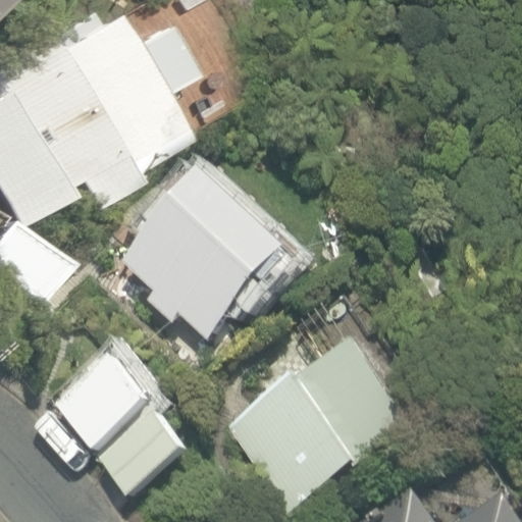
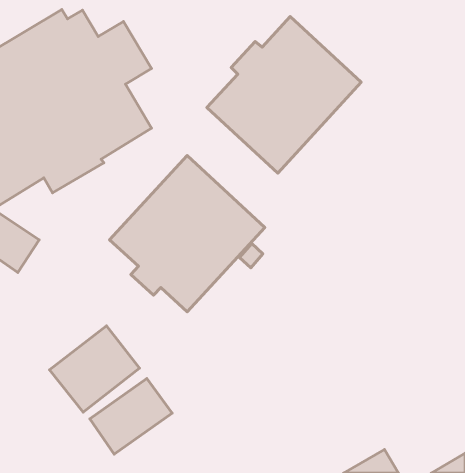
building: none -> [207,17,361,173]
building: [222,335,411,511] -> none

